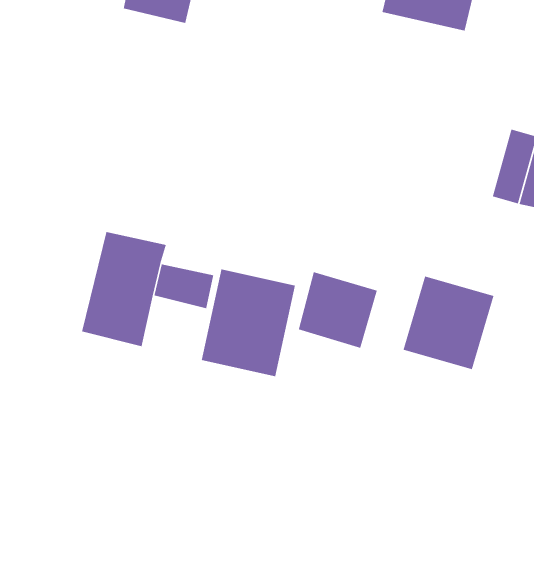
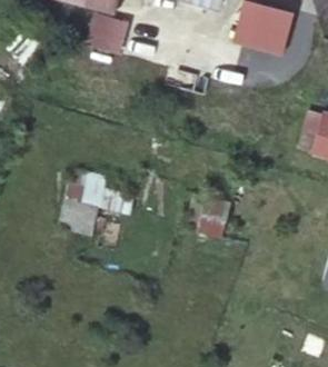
building: [201,269,296,377] -> none
building: [403,276,495,370] -> none

